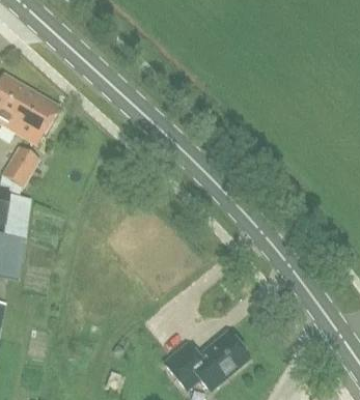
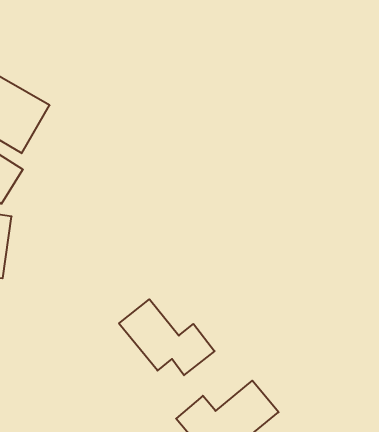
building: none -> [119,299,215,375]

